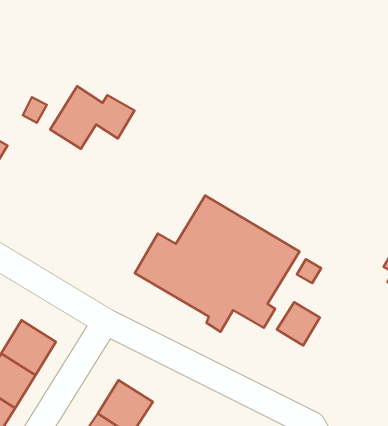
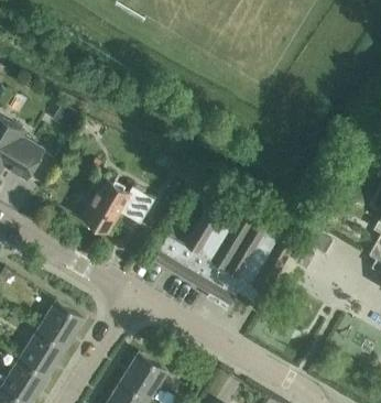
building: [50,86,134,149] -> [81,179,154,233]
building: [277,302,320,346] -> none

